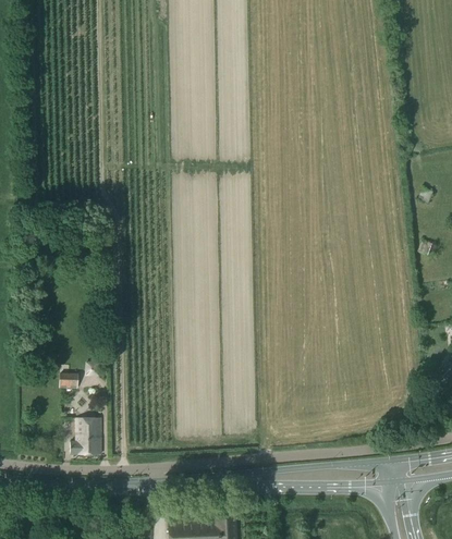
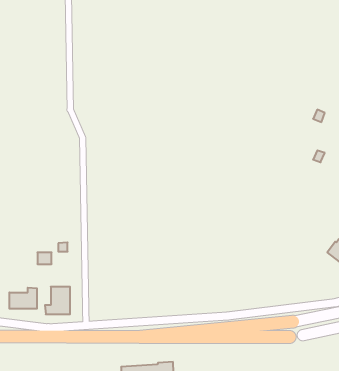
building: none -> [9,288,37,309]

